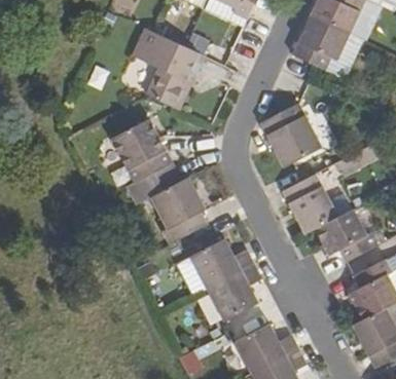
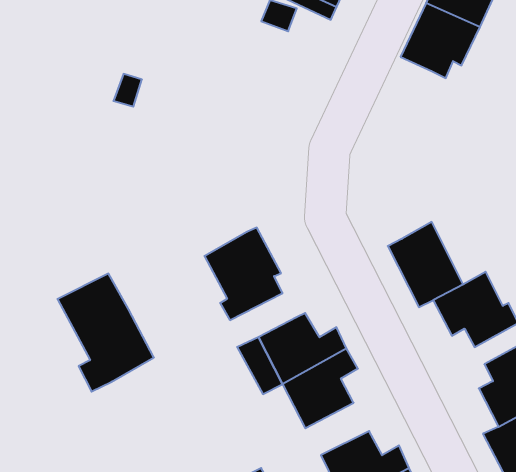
building: [131,26,203,106] -> none
building: [260,103,322,166] -> none
building: [111,119,181,204] -> [57,274,154,392]

